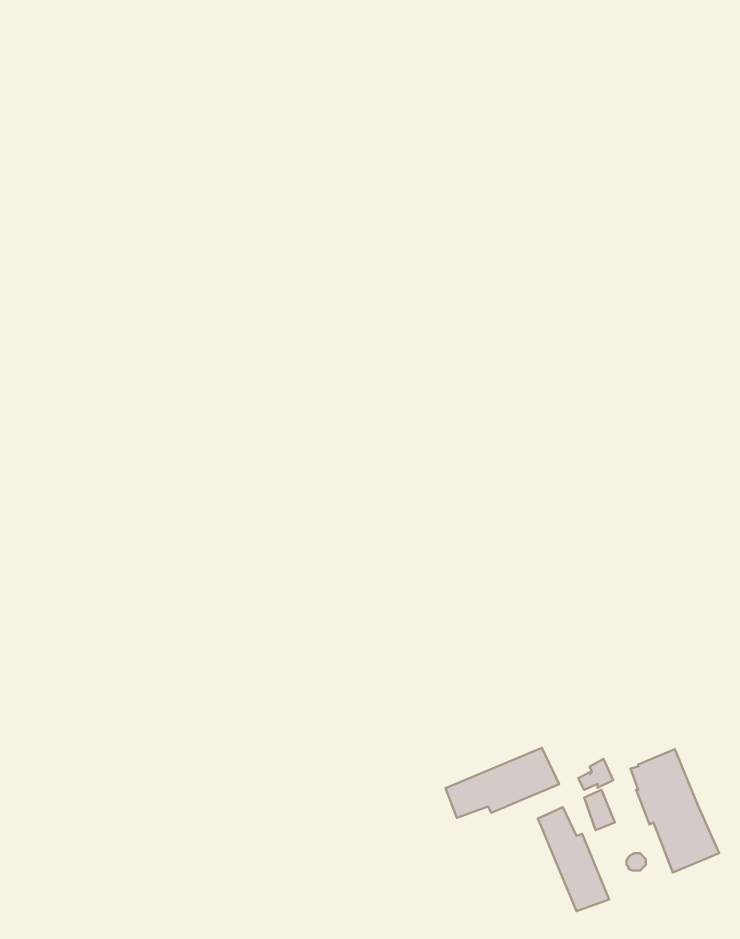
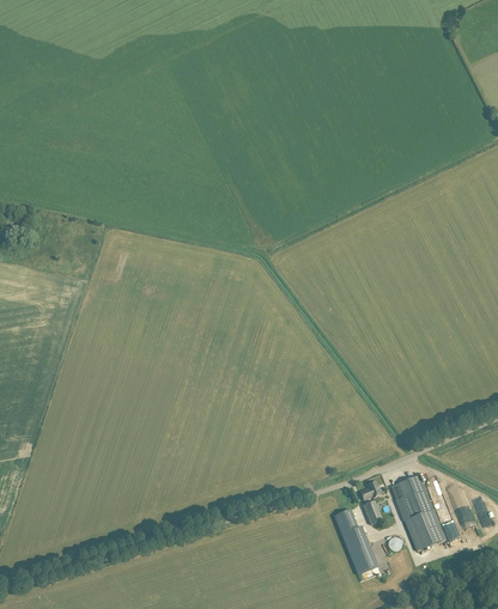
building: [446,748,559,818] -> none

